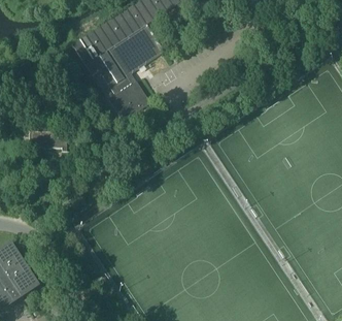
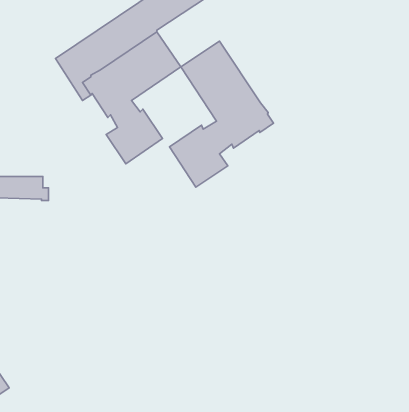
building: none -> [169,41,274,187]

